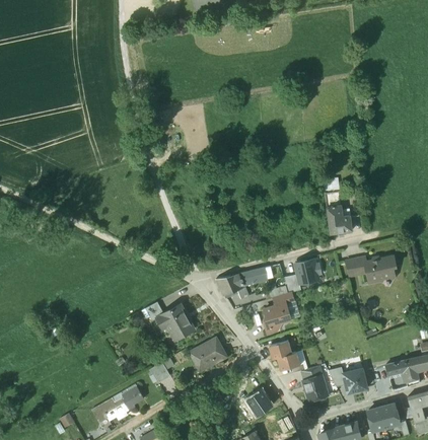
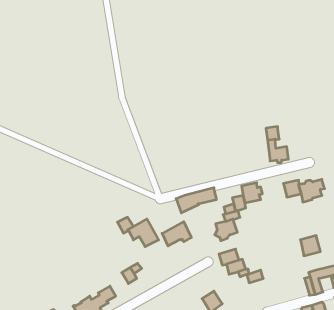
building: [190,338,225,367] -> [162,222,191,246]
building: [343,368,367,392] -> [300,236,320,256]
building: [303,375,328,400] -> none

